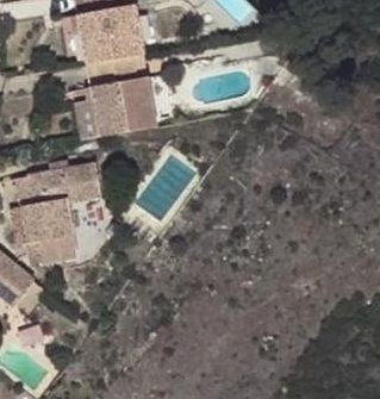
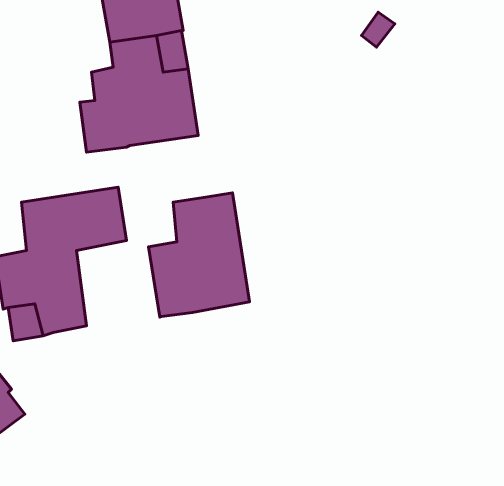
building: none -> [149,193,249,317]

